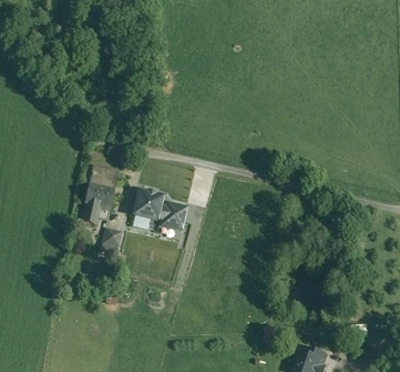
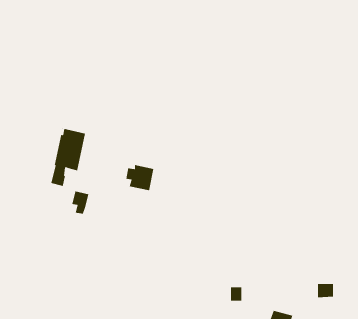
building: [133,192,162,220] -> none

